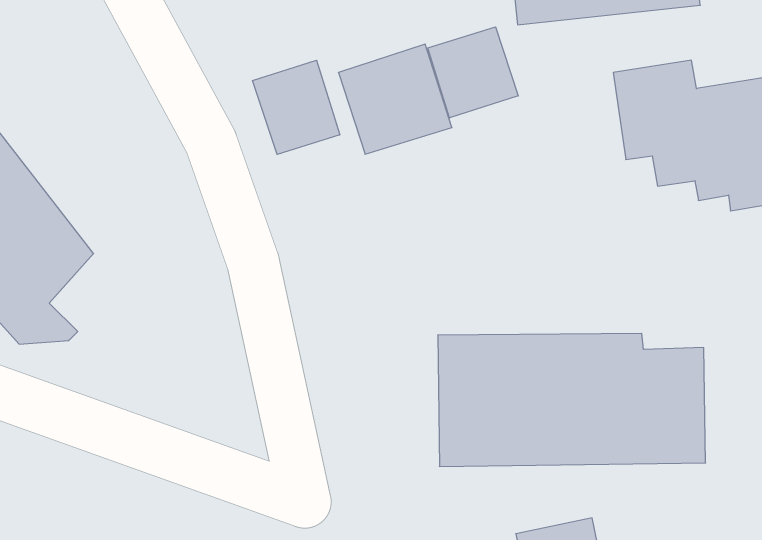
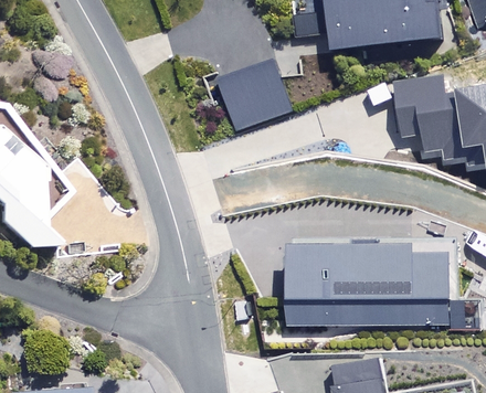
building: [428,27,518,118] -> none
building: [253,60,340,154] -> none

